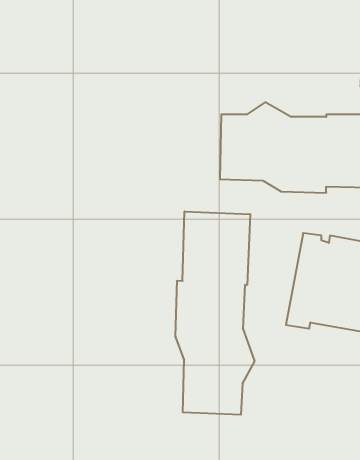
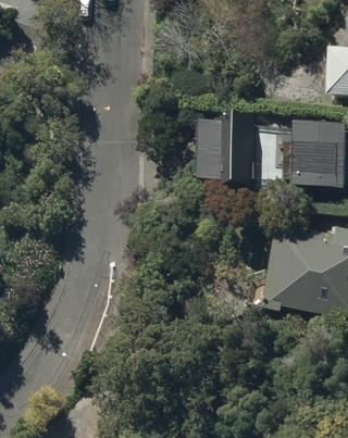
building: [176,211,254,415] -> none

